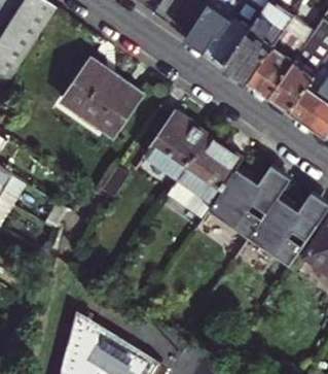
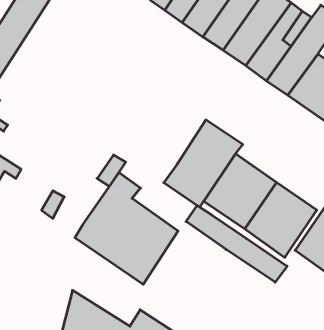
building: [61,59,144,139] -> none
building: [144,112,208,179] -> none
building: none -> [75,172,178,284]
building: none -> [186,206,287,282]

